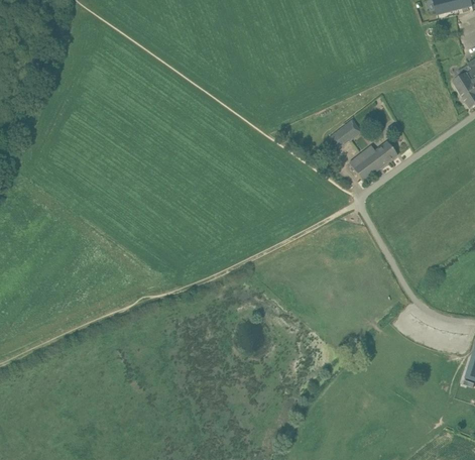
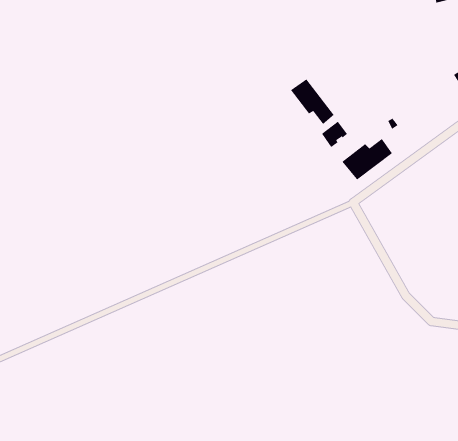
building: none -> [290,78,335,125]

